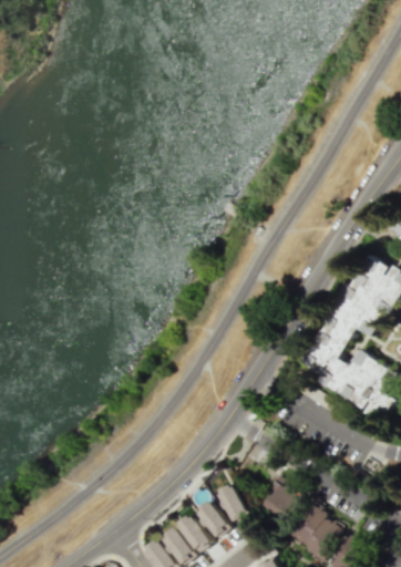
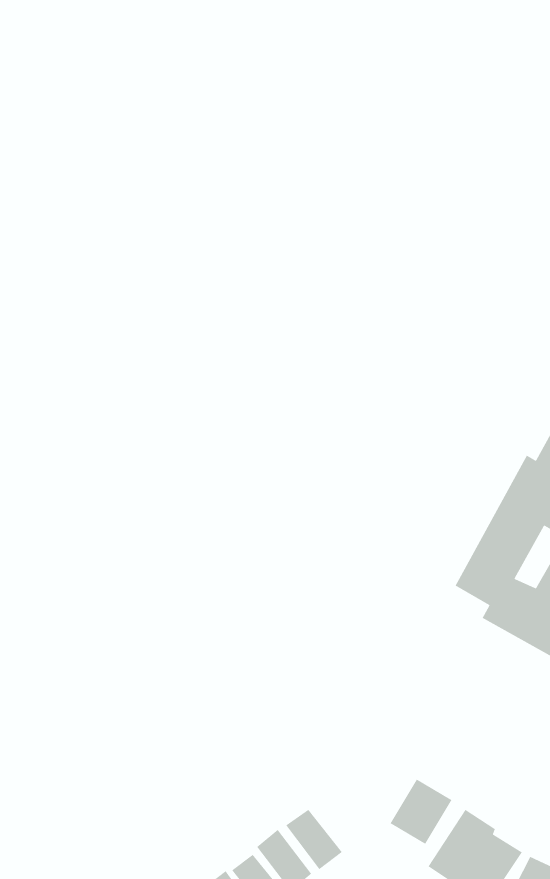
building: [218,483,249,520] -> none

